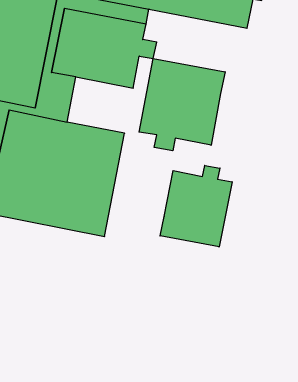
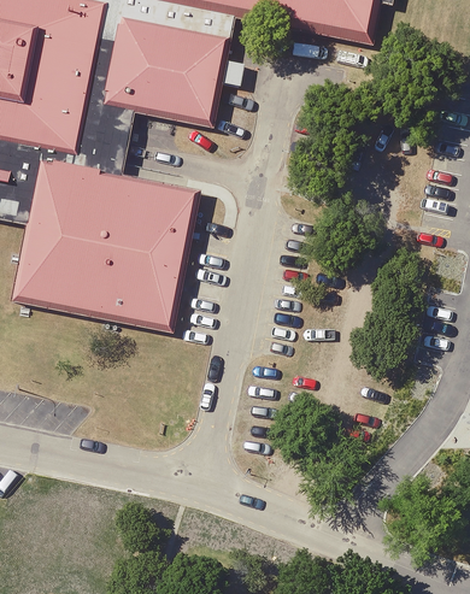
building: [139,59,225,151] -> none
building: [160,165,232,247] -> none

